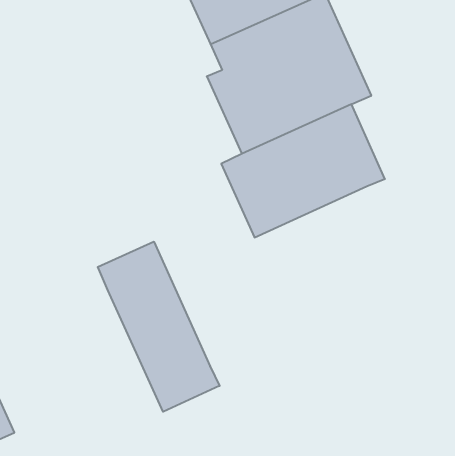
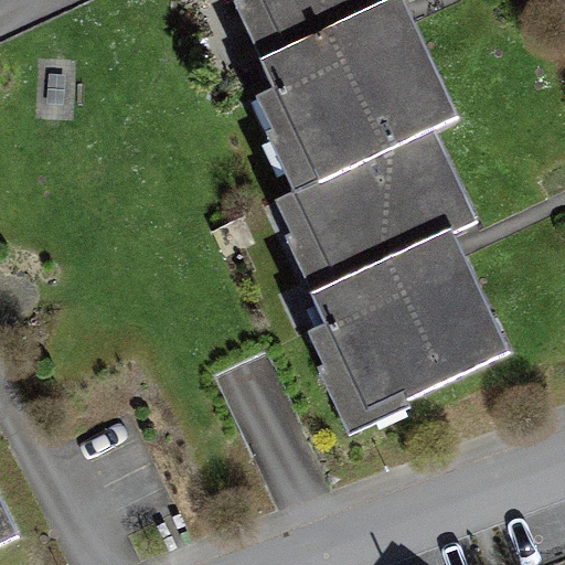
building: none -> [302,228,505,436]
building: [98,242,220,412] -> none

